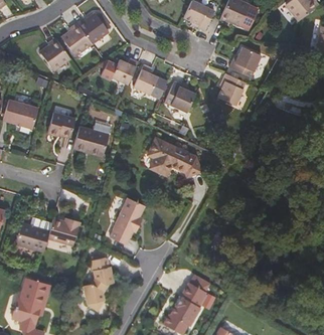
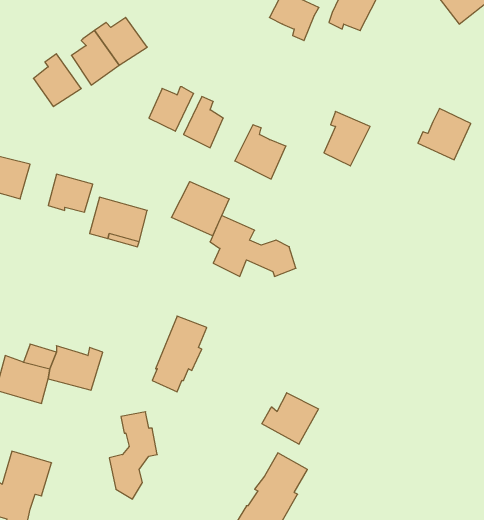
building: [227,46,260,77] -> [418,109,471,160]
building: none -> [171,182,229,236]
building: none -> [262,393,318,444]

